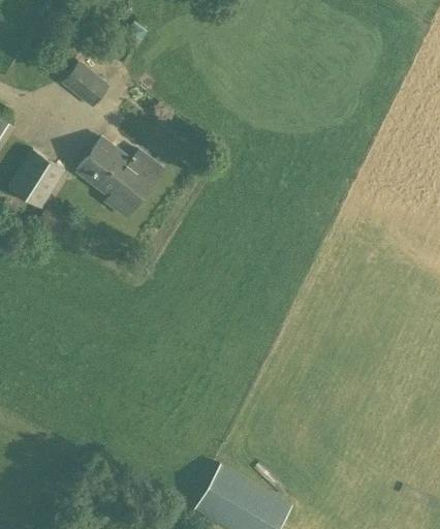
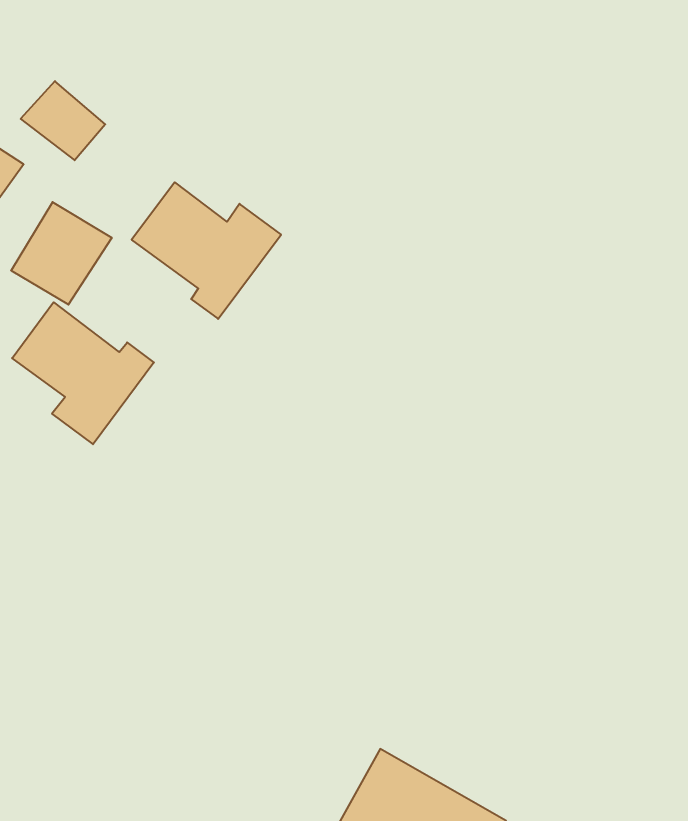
building: [60,62,108,107] -> [21,81,105,160]
building: none -> [12,302,154,444]

